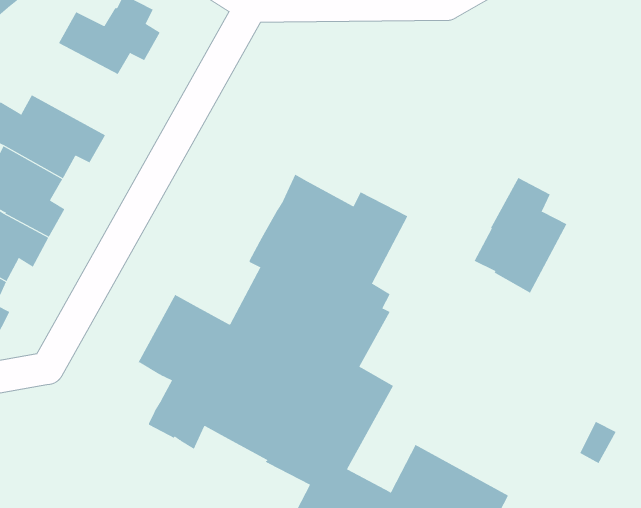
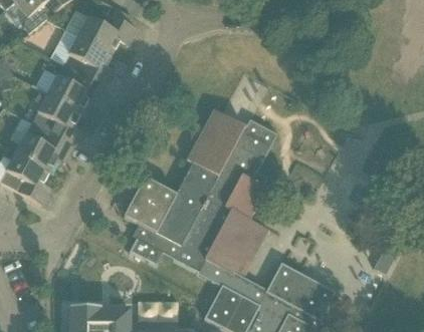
building: none -> [62,34,113,86]
building: [474,177,567,293] -> none

